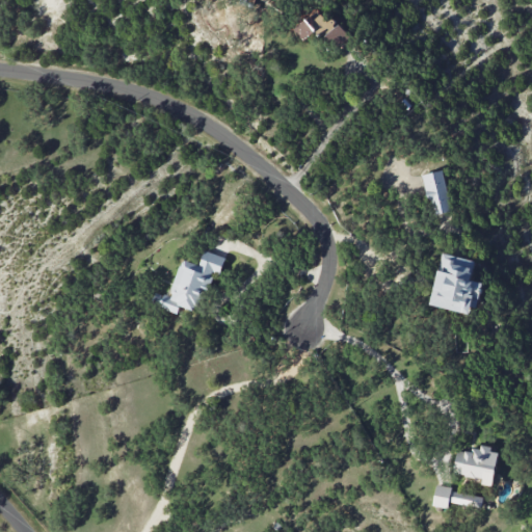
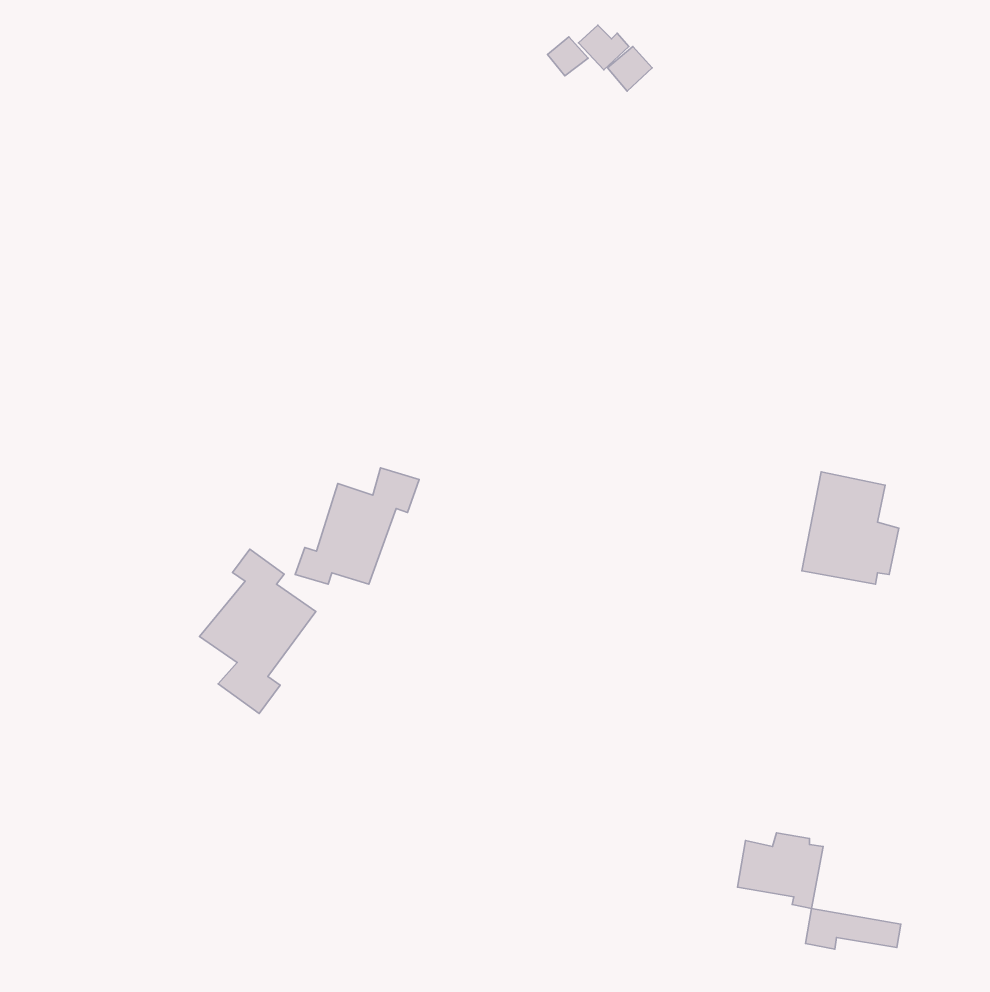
building: [421,169,450,215] -> none
building: none -> [199,549,316,713]
building: [452,445,498,485] -> [738,833,823,909]

